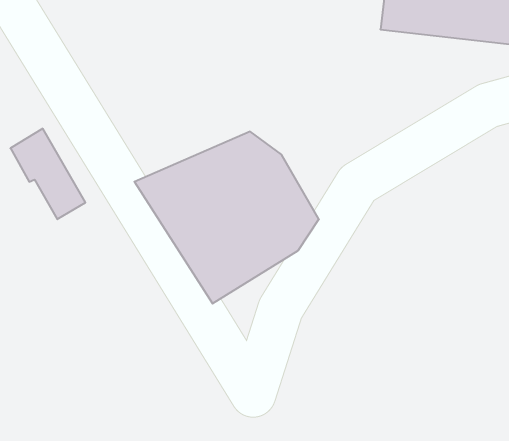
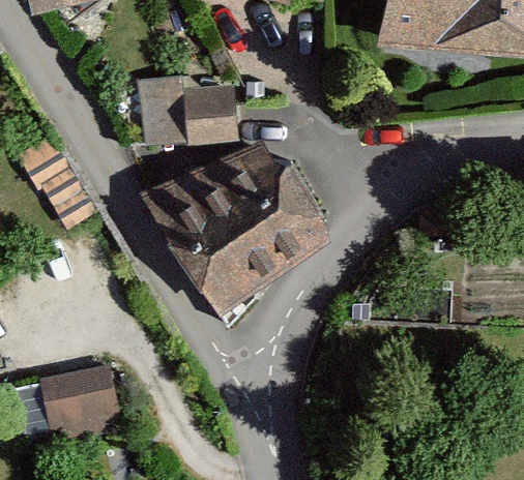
building: none -> [140,76,234,144]
building: none -> [40,371,114,440]

